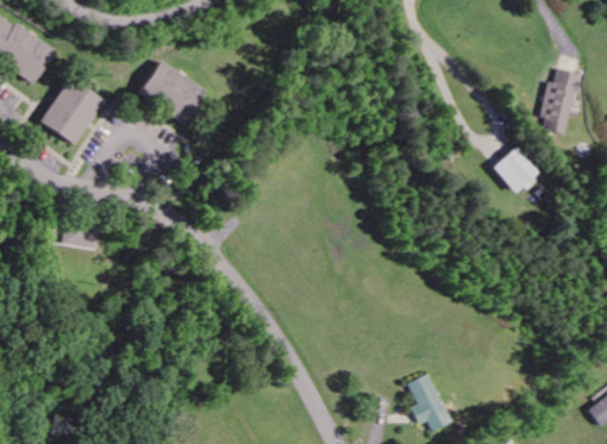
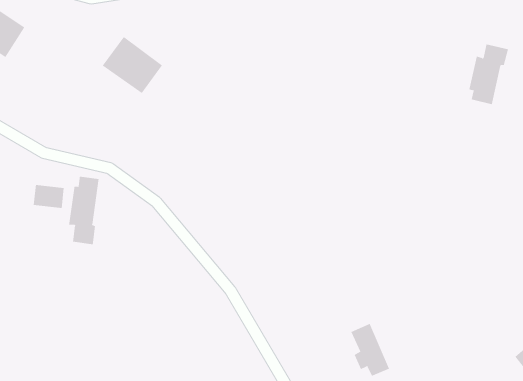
building: [42,77,104,144] -> none
building: [492,146,540,193] -> none
building: none -> [68,176,99,245]

